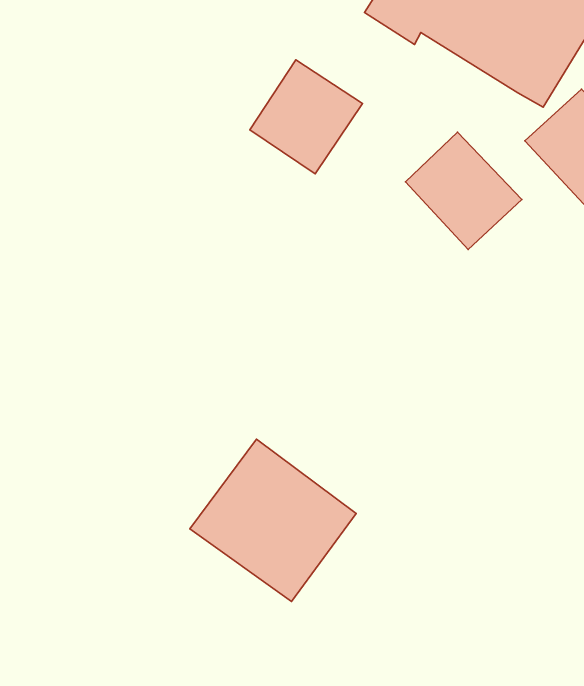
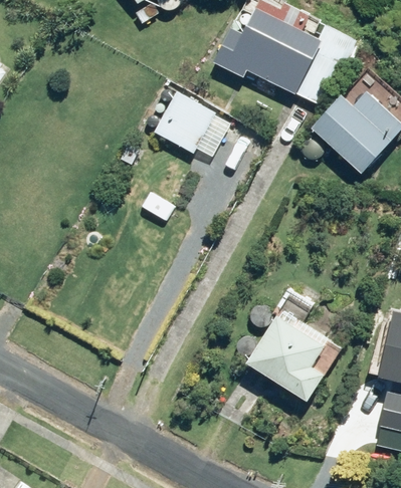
building: [406,132,522,250] -> none
building: [190,439,356,602] -> [246,308,341,400]

